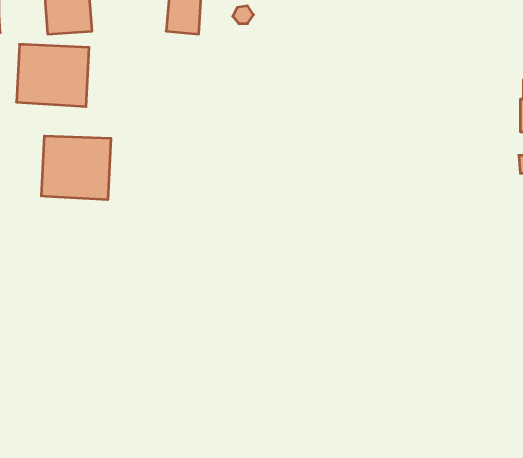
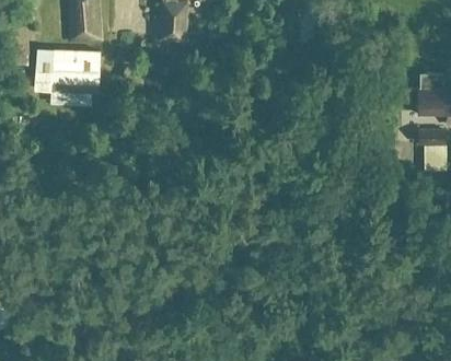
building: [41,136,111,200] -> none

